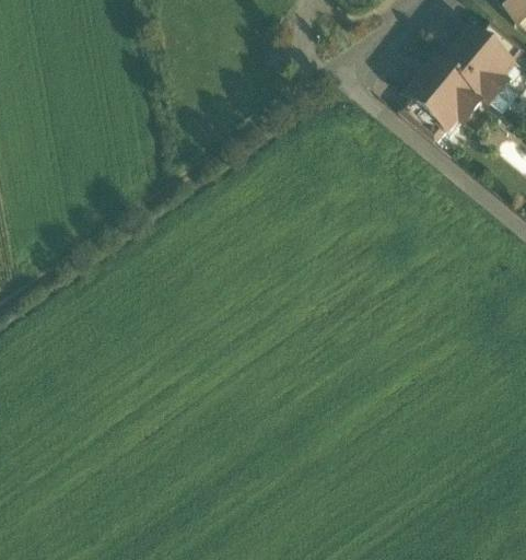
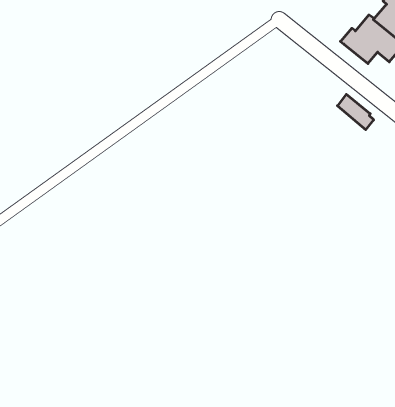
building: [414,88,459,131] -> [337,94,374,130]

